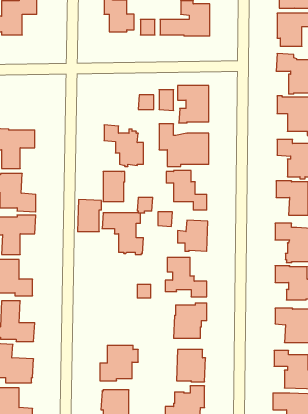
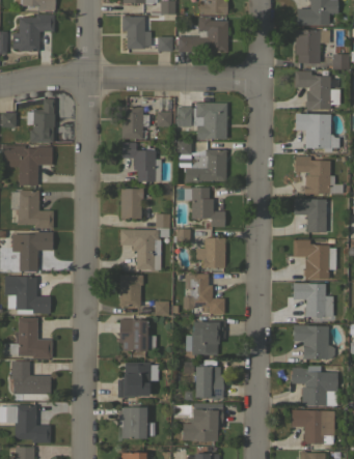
building: none -> [27,99,55,142]
building: none -> [122,108,151,139]
building: [78,200,101,232] -> [119,275,143,307]
building: none -> [119,318,157,351]

